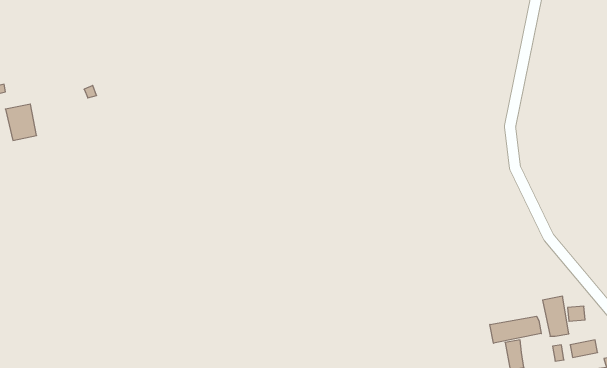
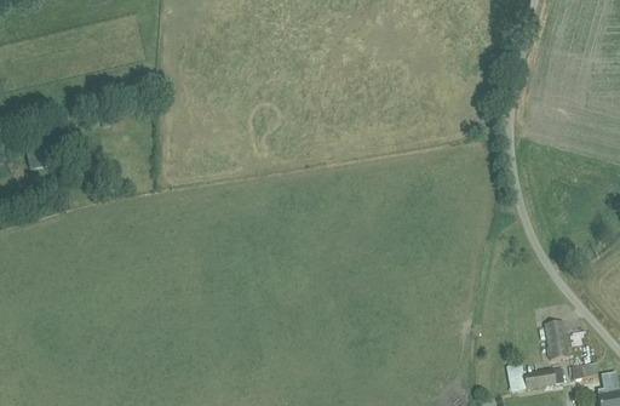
building: [490,316,541,343] -> none

